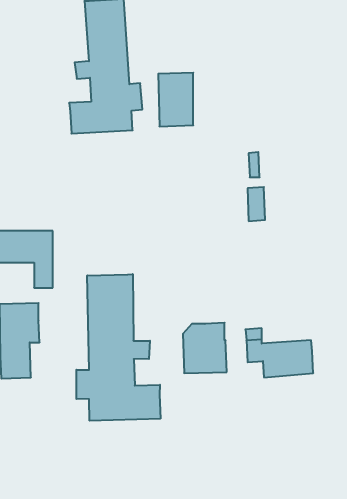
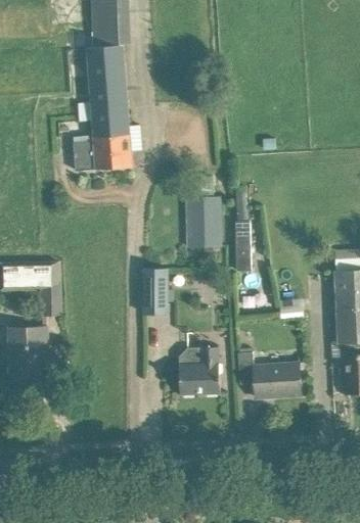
building: [158,73,193,126] -> [187,196,220,246]
building: none -> [143,268,168,313]
building: [76,274,160,421] -> none

